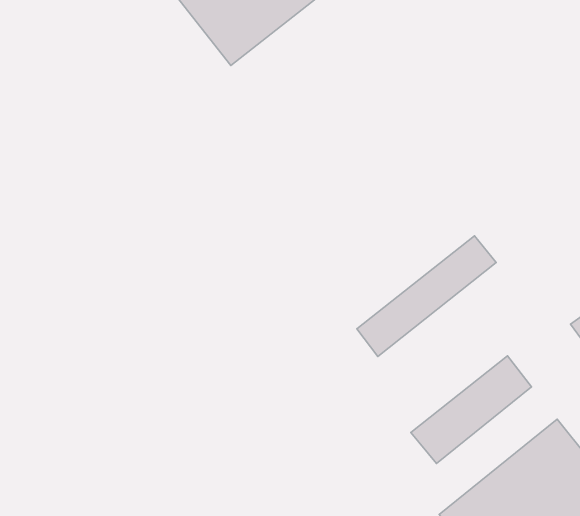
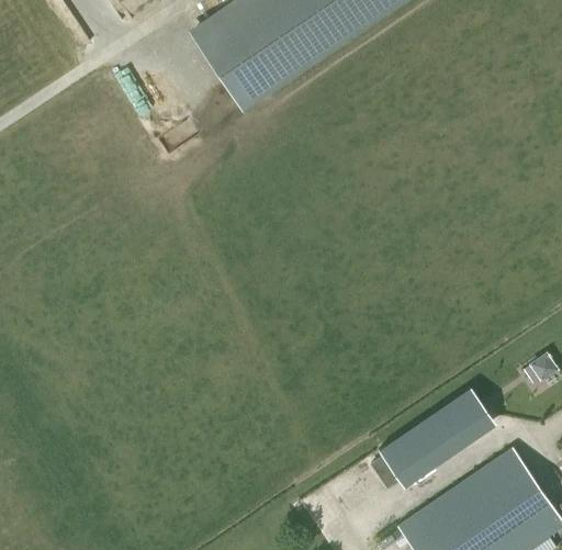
building: [357,236,496,357] -> none

